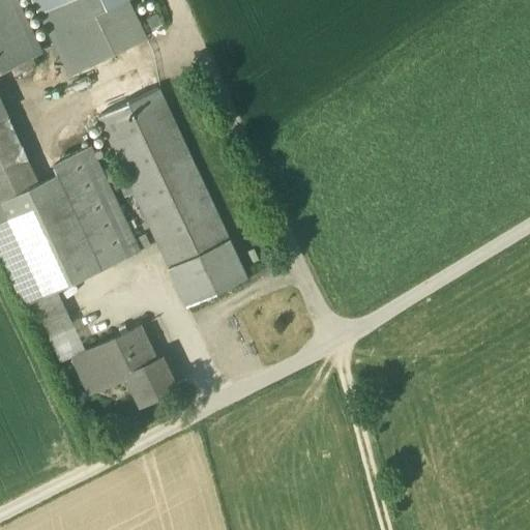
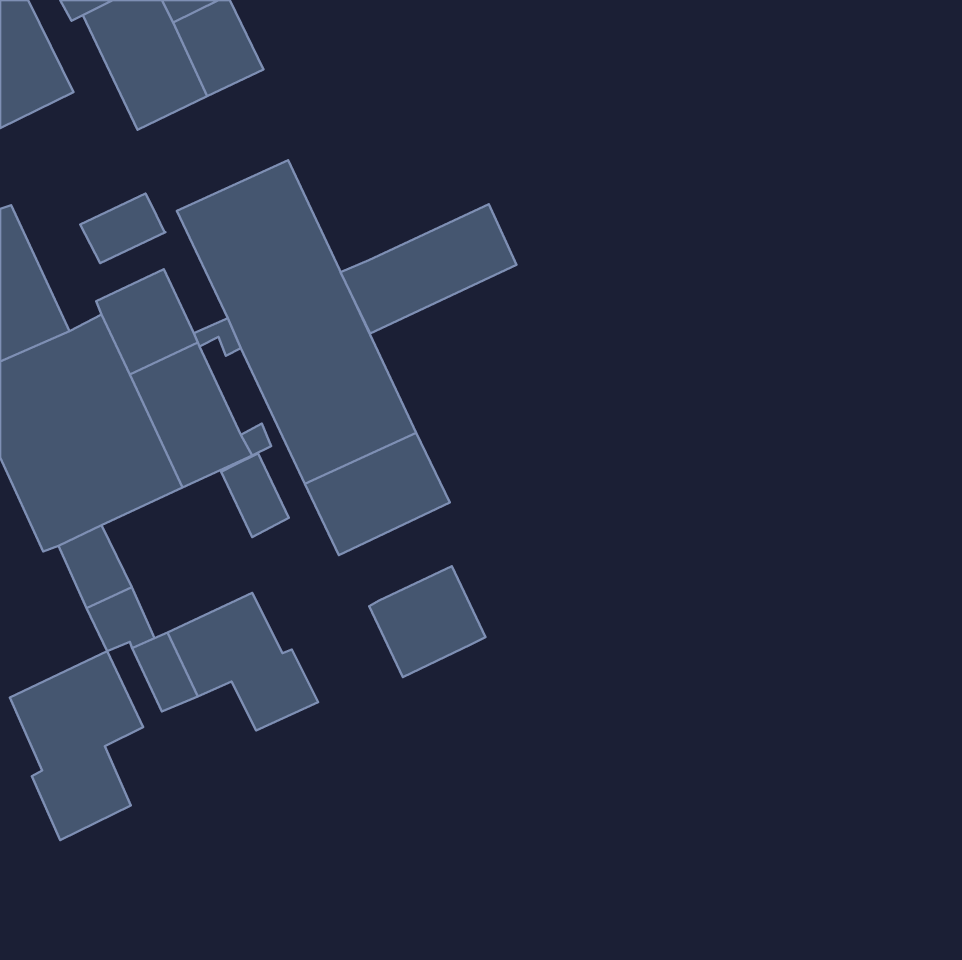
building: none -> [80,194,166,263]
building: none -> [341,204,517,334]
building: none -> [221,453,289,537]
building: none -> [369,566,485,677]
building: none -> [10,651,143,840]

